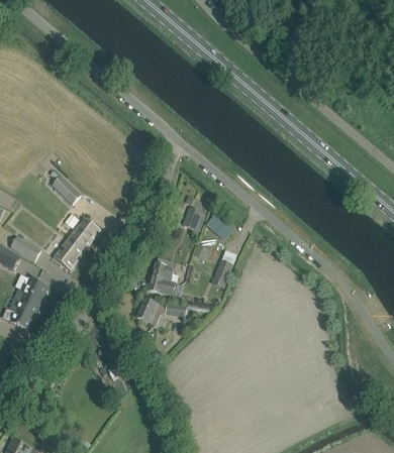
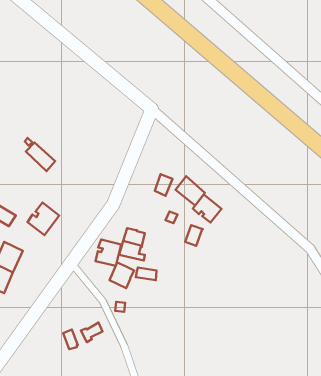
building: [69,216,101,249] -> none
building: none -> [193,195,221,223]
building: none -> [96,240,121,266]

